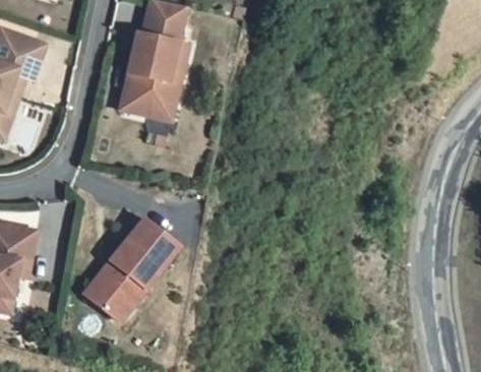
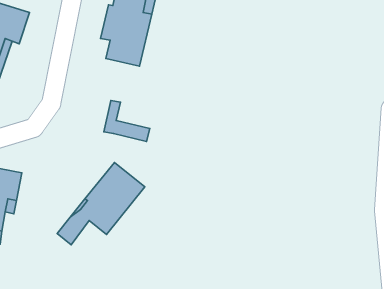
building: [121,72,175,120] -> [104,101,150,141]
building: [95,286,136,329] -> none

